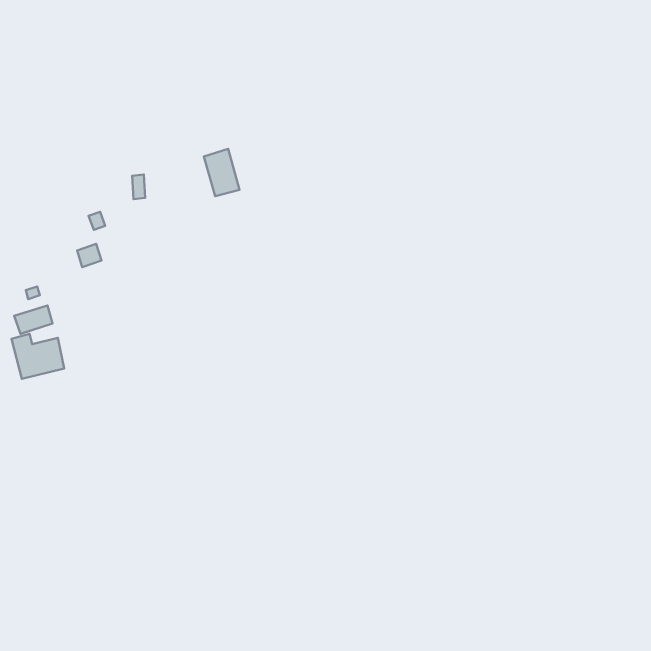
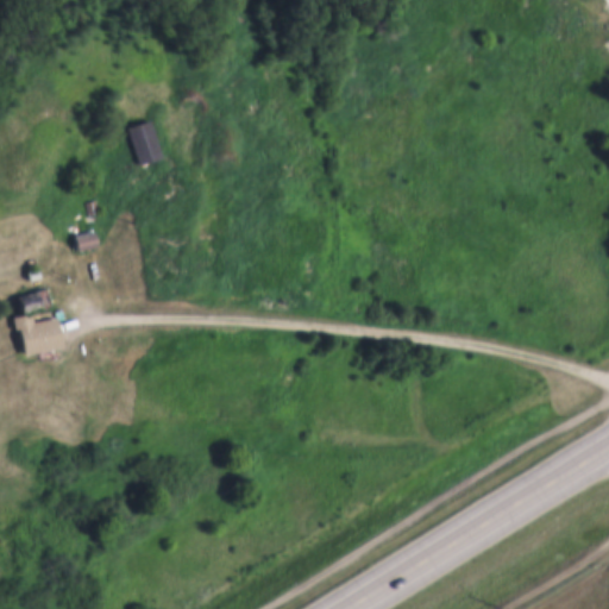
building: [204,149,240,196] -> [130,120,163,164]

